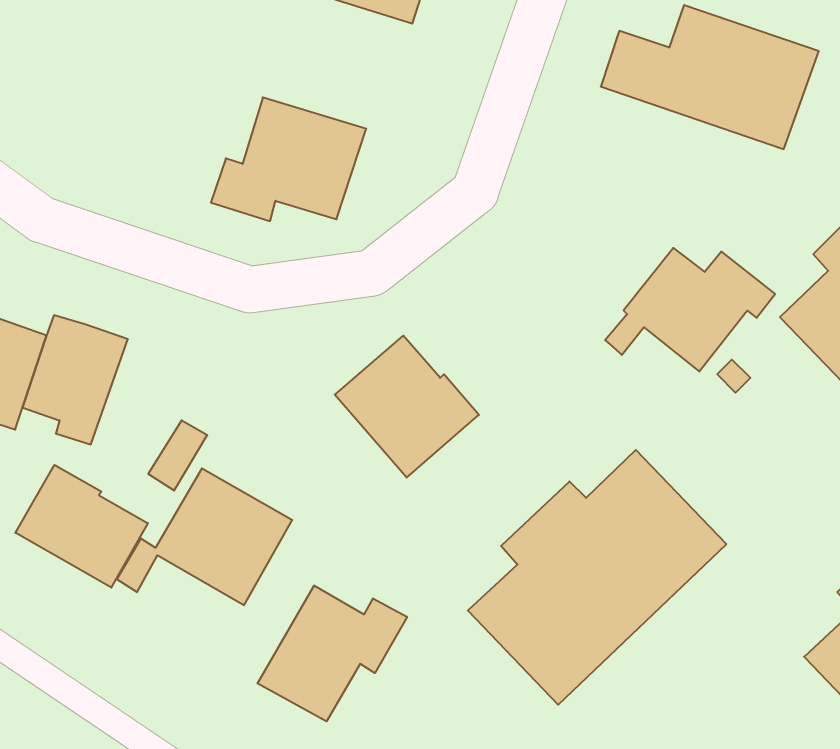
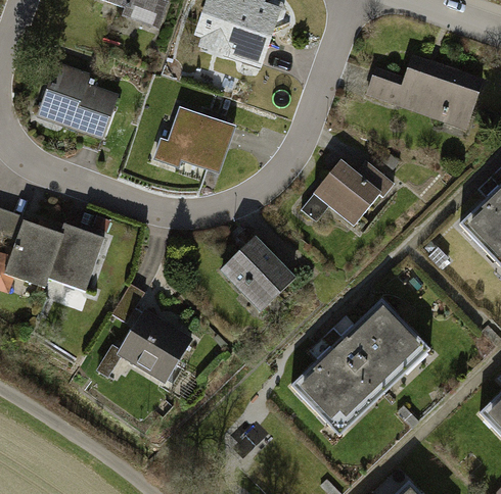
building: none -> [40,65,117,138]
building: [605,248,775,372] -> [302,158,396,227]
building: [15,465,148,588] -> none
building: [257,585,407,721] -> none

